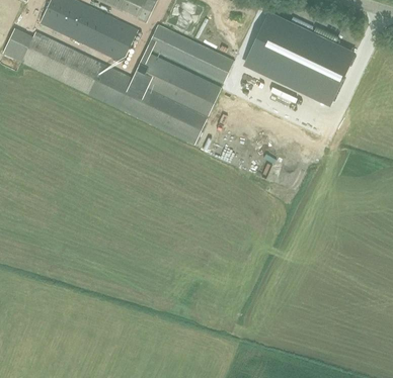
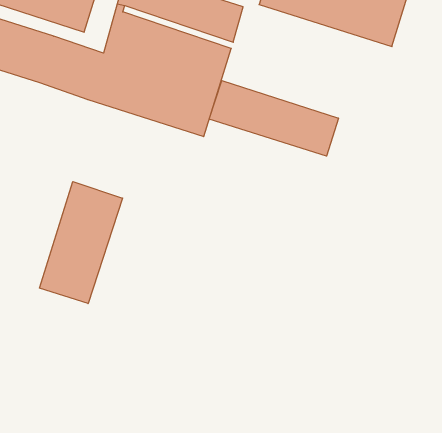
building: none -> [209,81,338,156]
building: none -> [40,182,123,304]

